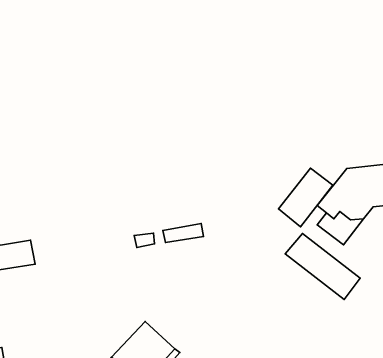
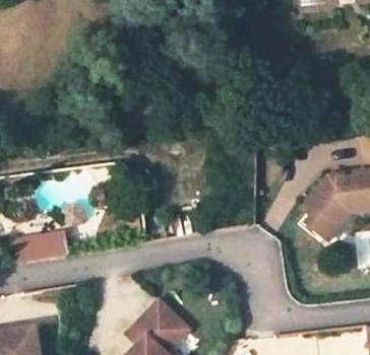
building: [279,168,333,227] -> none
building: [285,233,360,299] -> none

